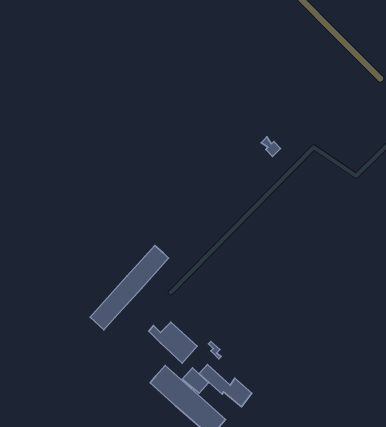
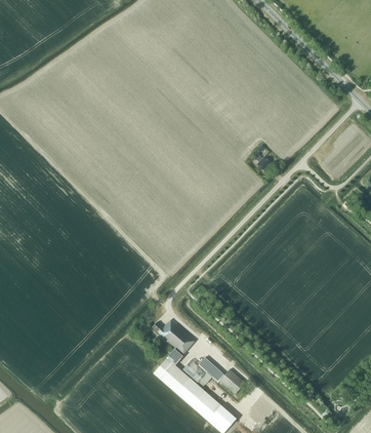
building: [90,245,168,330] -> none

